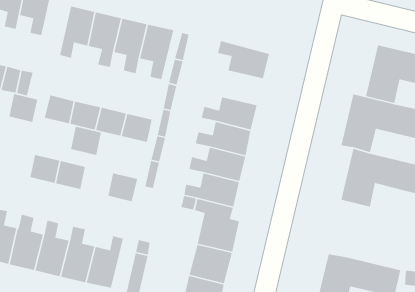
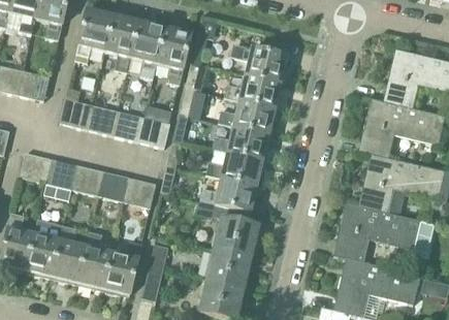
building: none -> [224,75,281,109]
building: [8,93,38,123] -> [21,153,51,183]
building: [70,126,102,156] -> [97,171,129,201]
building: none -> [333,202,420,262]

